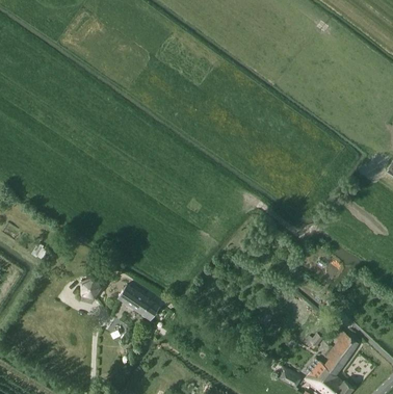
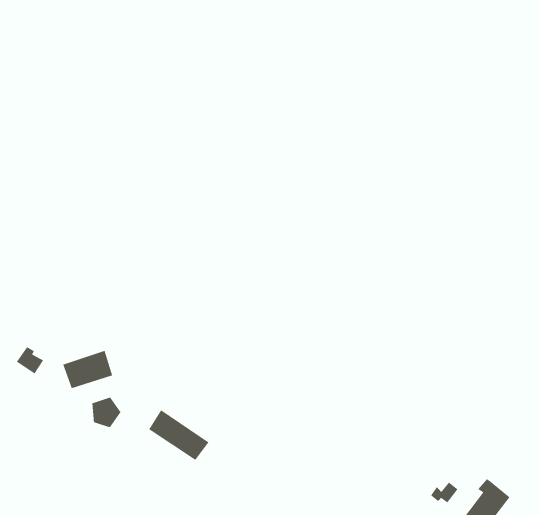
building: none -> [62,350,113,389]

